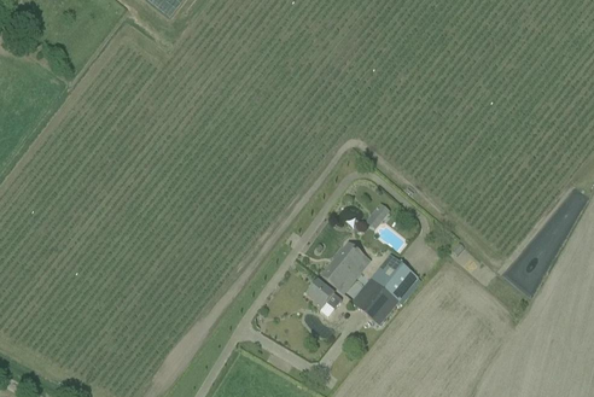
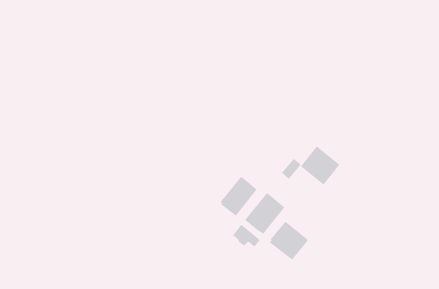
building: none -> [219,176,258,217]
building: [369,252,417,299] -> [300,146,340,185]

